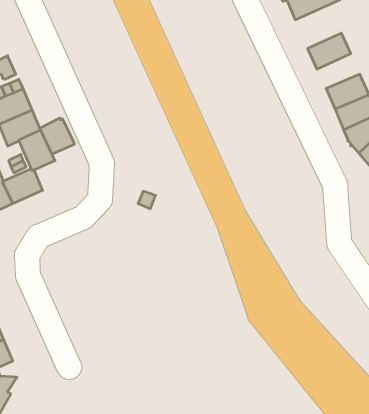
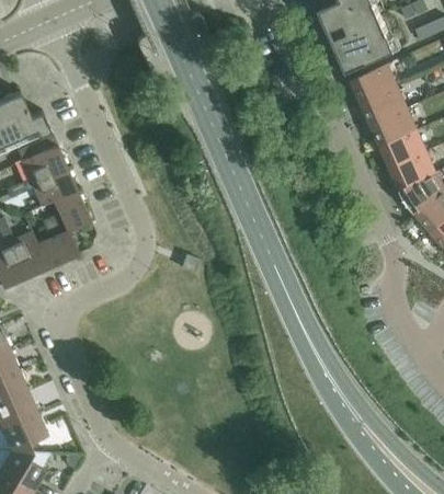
building: none -> [351,65,397,103]
building: none -> [371,108,417,146]
building: [40,118,74,154] -> none

